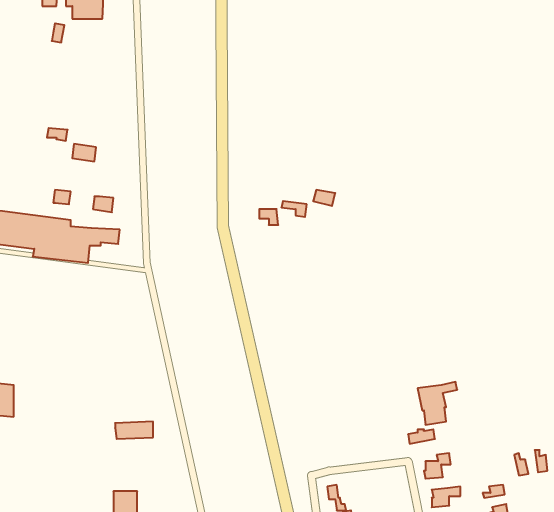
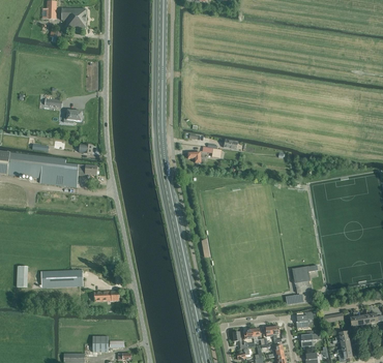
building: none -> [41,270,83,288]

